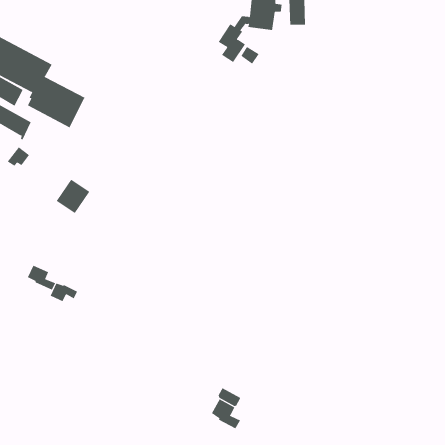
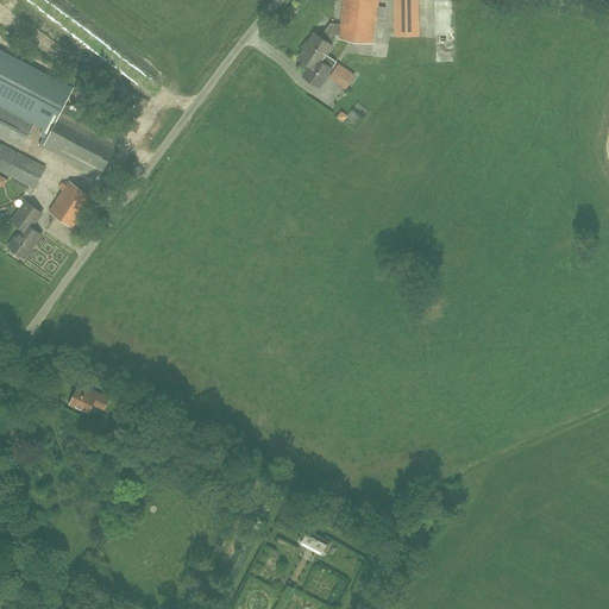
building: none -> [7,222,39,257]
building: [56,179,90,214] -> [48,180,94,227]
building: [27,265,56,290] -> none
building: [211,398,241,429] -> none

